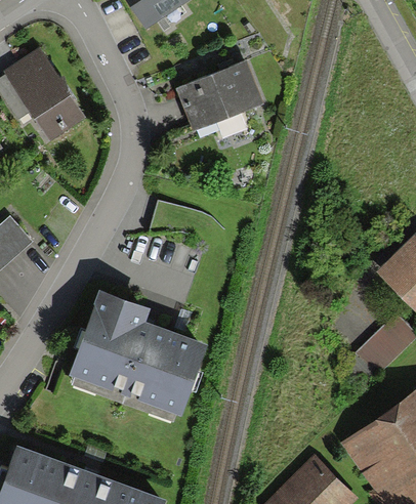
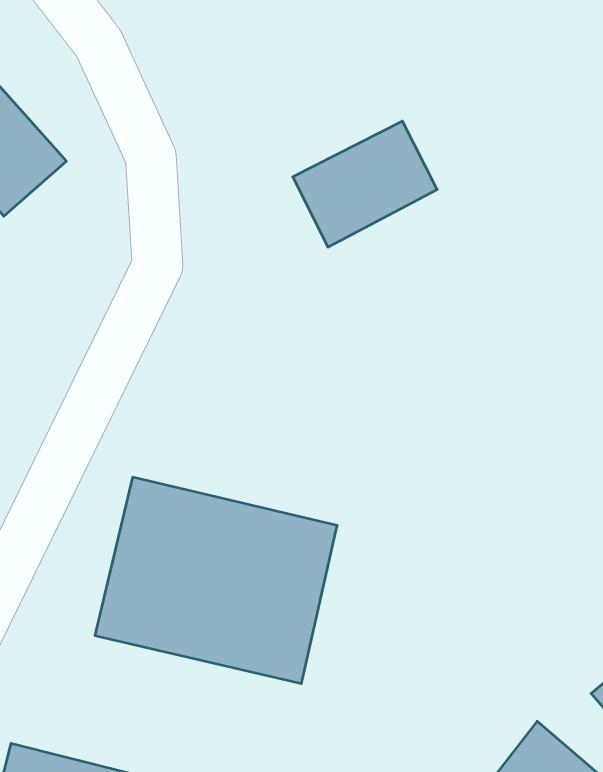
building: [189,64,266,128] -> [293,121,437,247]

